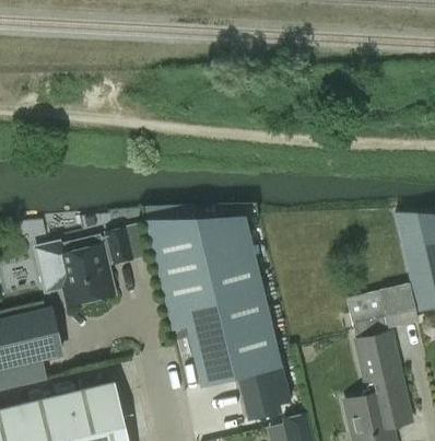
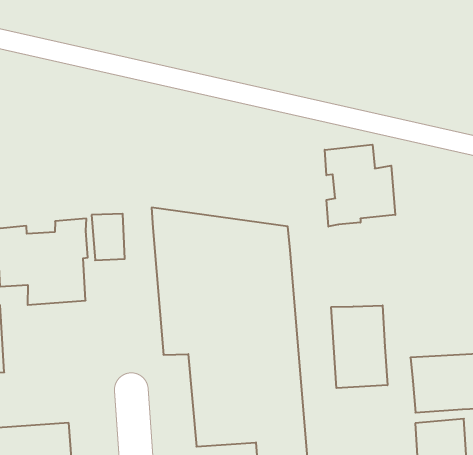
building: none -> [325,145,395,227]
building: none -> [331,305,387,388]

